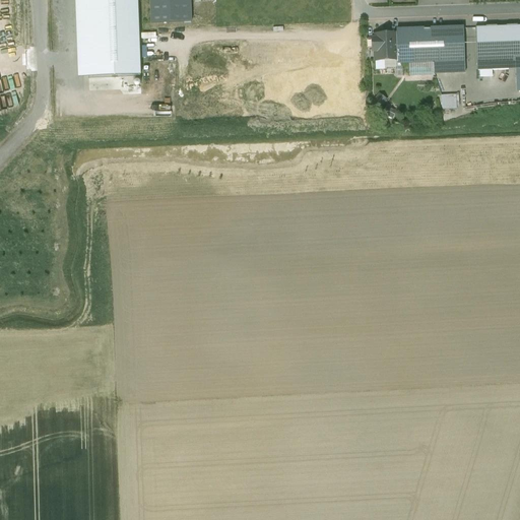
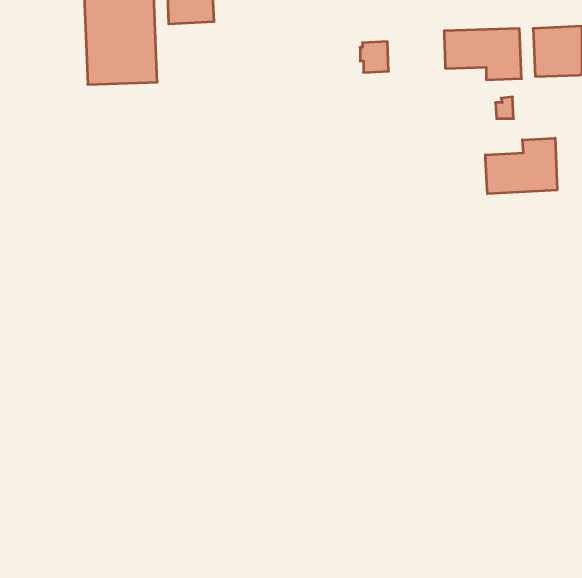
building: [372,31,397,59] -> [360,42,389,72]
building: none -> [485,138,557,194]

